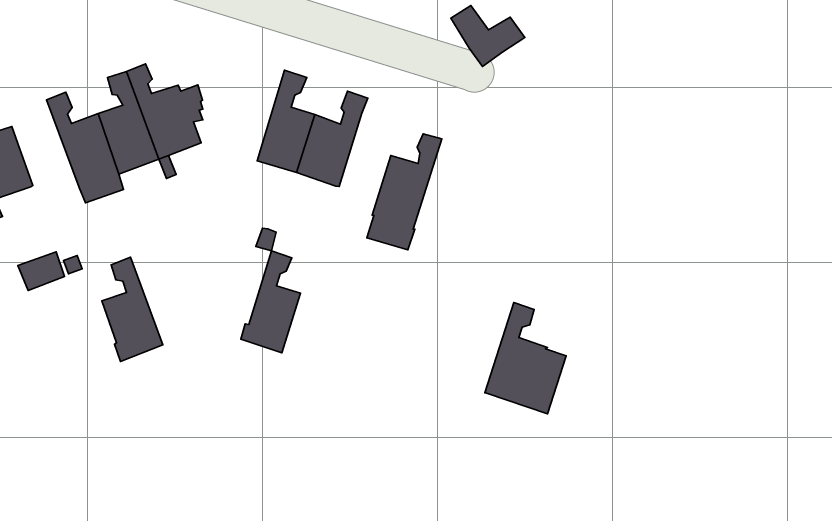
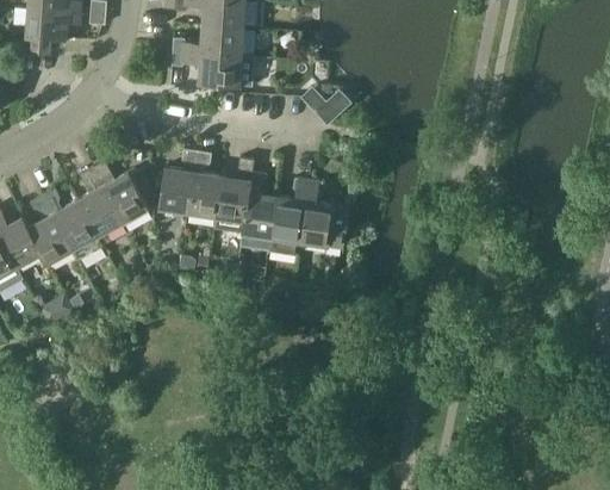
building: none -> [158,148,197,213]
building: [241,251,300,353] -> [242,170,276,237]
building: [102,257,163,361] -> [27,196,73,266]
building: [485,303,566,414] -> [299,179,349,249]

